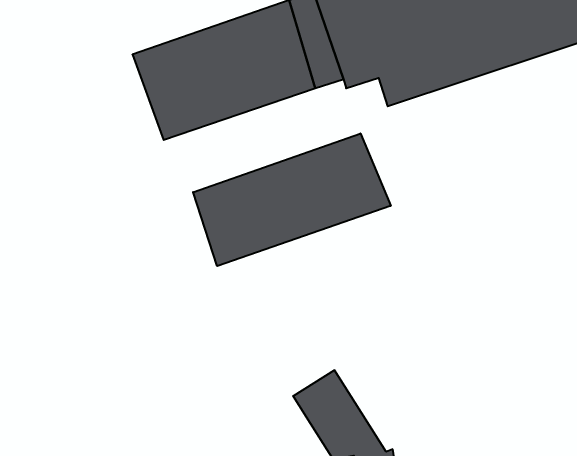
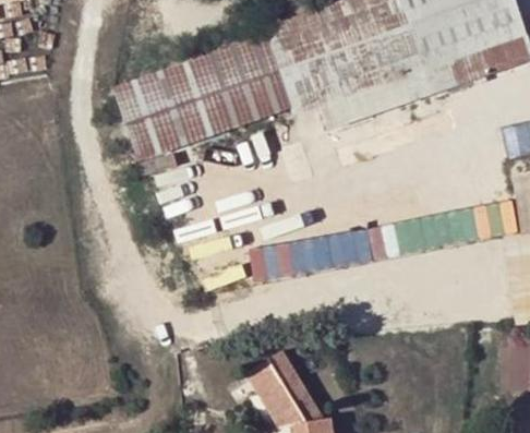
building: [193,133,391,266] -> none

